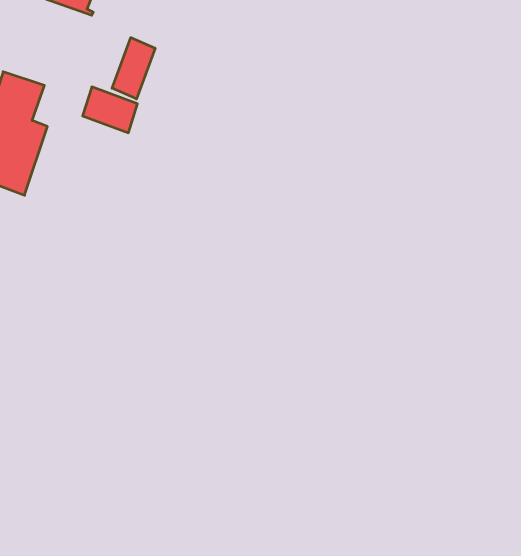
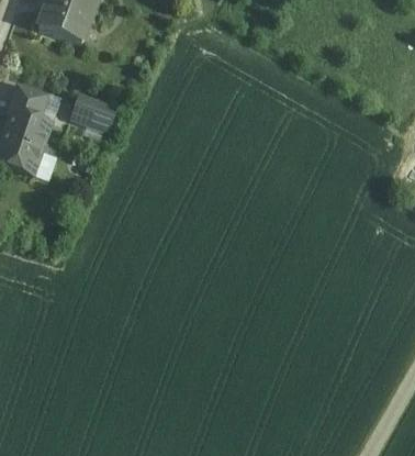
building: [112,38,155,99] -> none

